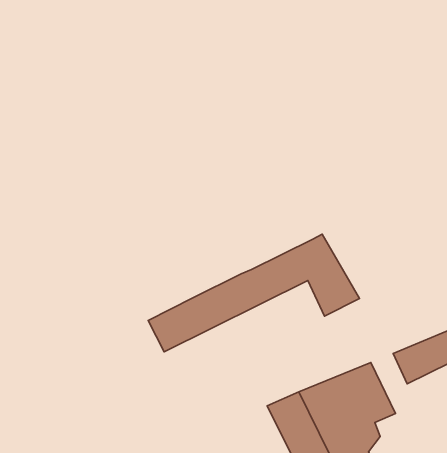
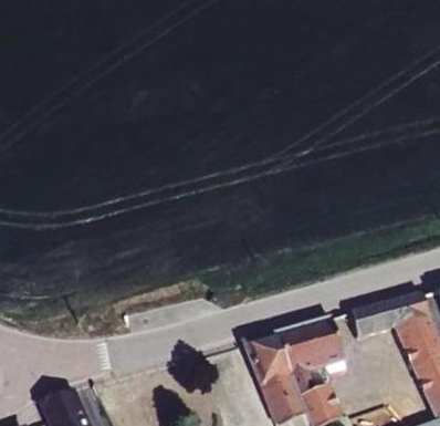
building: [148,234,360,352] -> none

